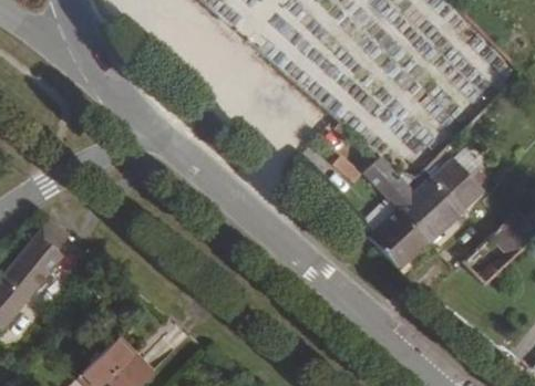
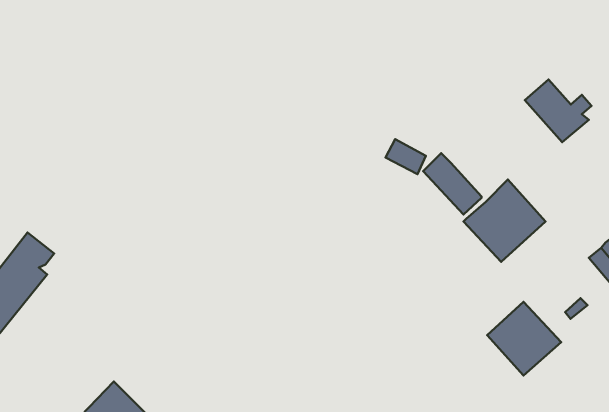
building: [431,160,484,210] -> [525,79,592,142]
building: [367,210,425,269] -> [487,302,561,376]

